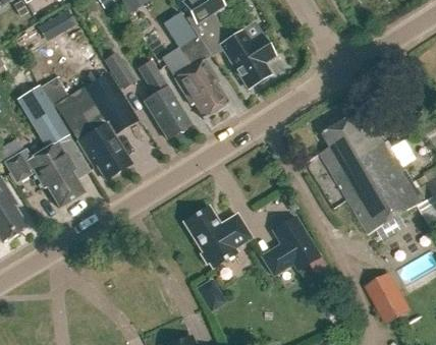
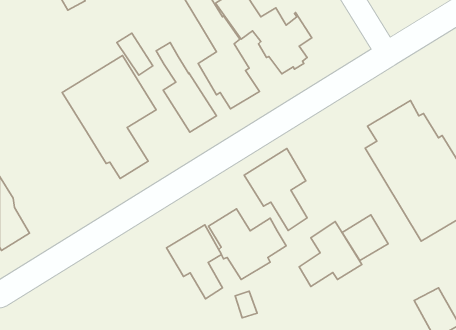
building: [5,84,84,206] -> none
building: none -> [244,148,307,230]
building: none -> [342,215,388,261]
building: none -> [166,225,222,299]

